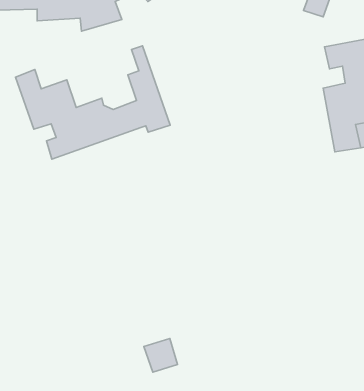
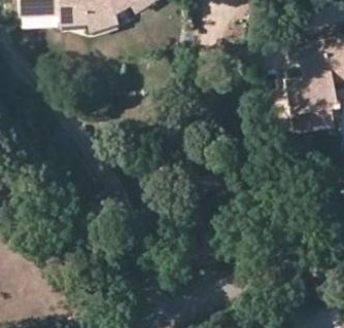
building: [16,46,170,159] -> none

